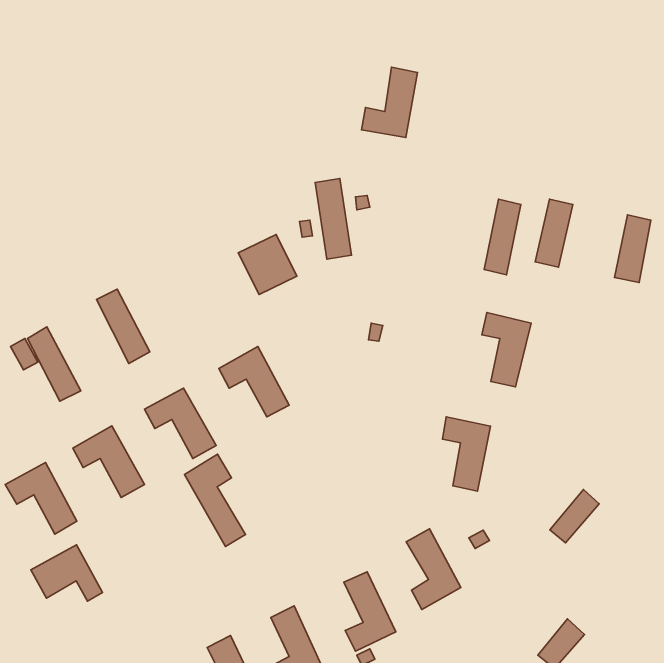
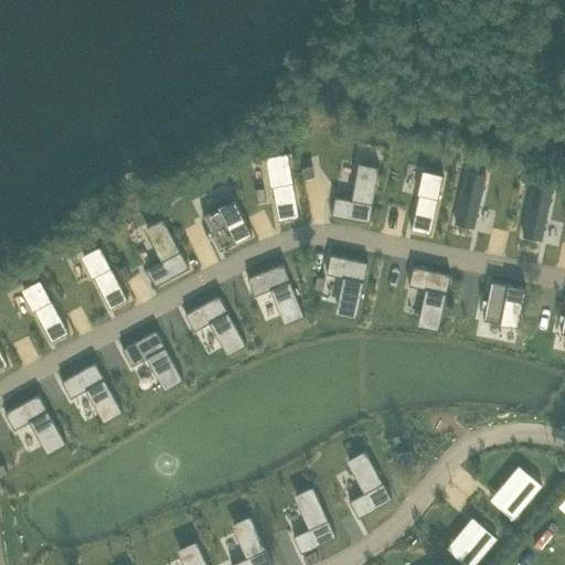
building: [361,67,417,137] -> [331,163,379,223]
building: none -> [141,220,188,287]
building: none -> [247,264,303,324]
building: none -> [482,282,524,328]
building: [442,417,491,491] -> [326,255,366,318]
building: [185,454,246,546] -> none
building: [550,489,599,543] -> [499,475,541,520]
building: [31,545,102,601] -> none

